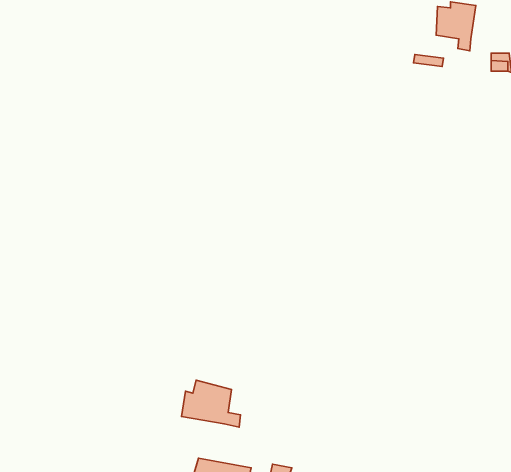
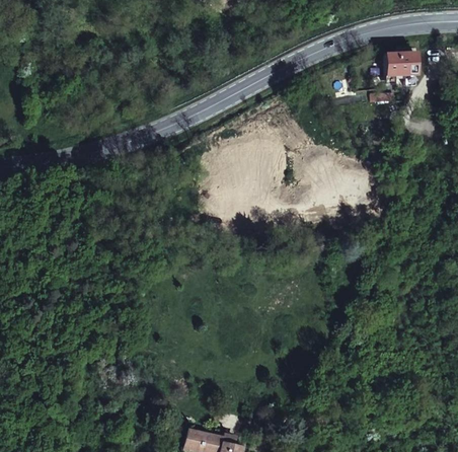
building: [181,380,240,427] -> none

